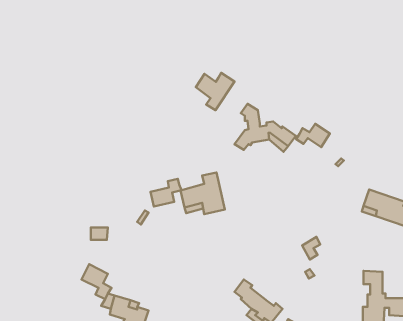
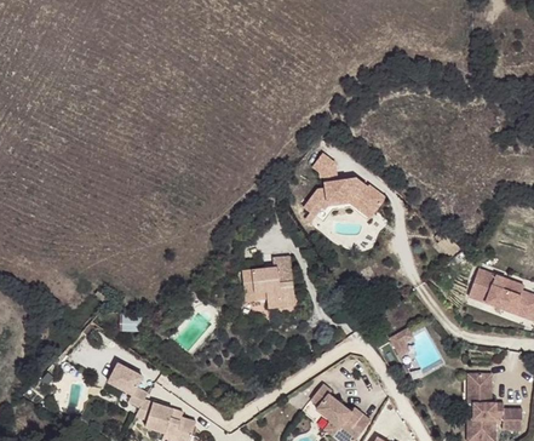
building: [196,73,234,110] -> none
building: [296,124,330,147] -> none
building: [150,179,181,207] -> none

